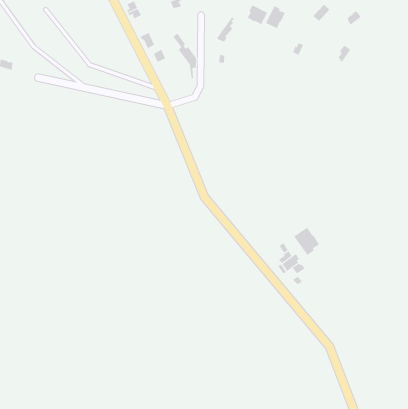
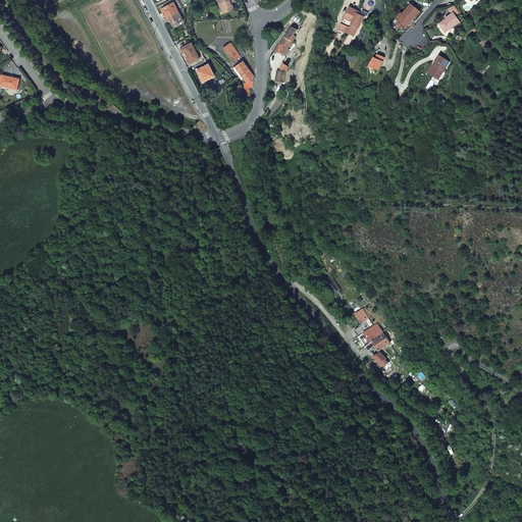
building: [247,5,268,25] -> none
building: [293,227,320,256] -> none

